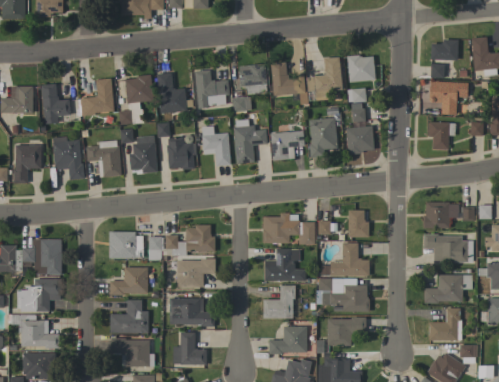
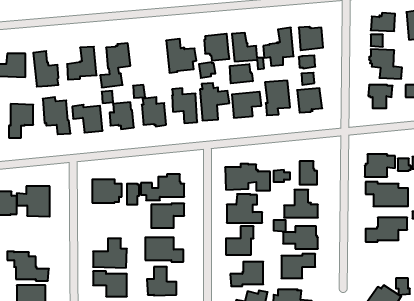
building: [156,73,186,113] -> none
building: none -> [230,64,253,83]
building: [109,267,147,295] -> none
building: [16,279,61,311] -> none
building: [428,308,461,340] -> none

